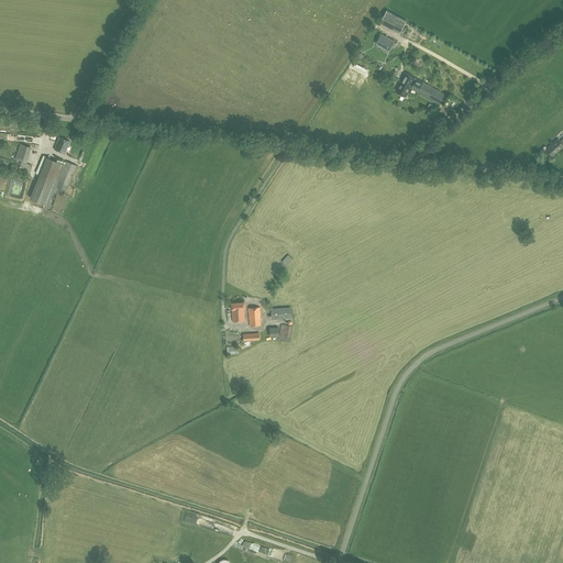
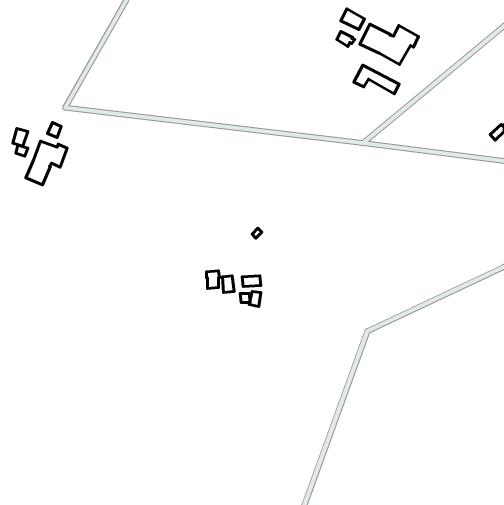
building: none -> [360,24,419,65]

